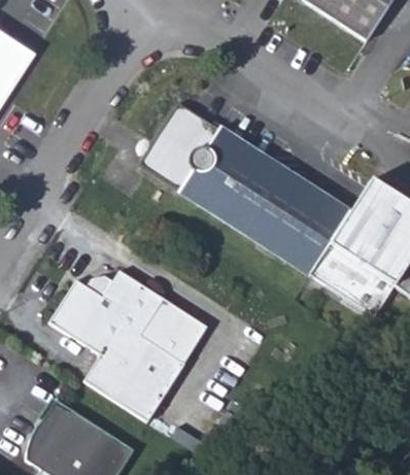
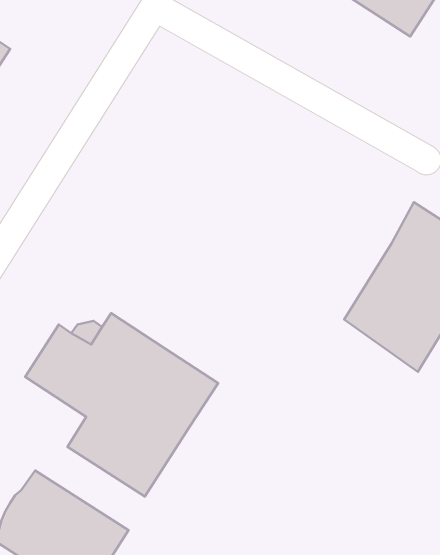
building: [156,120,351,275] -> none

